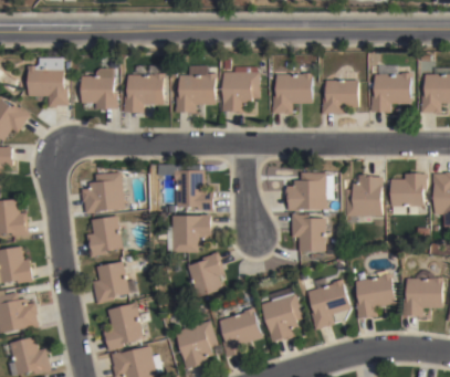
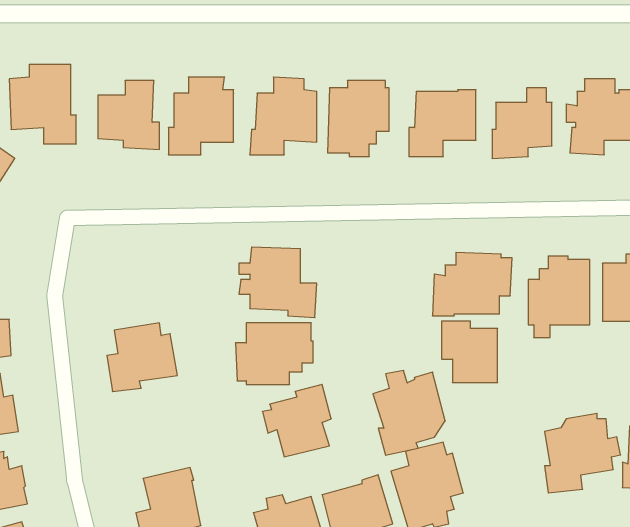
building: [81,171,126,212] -> none
building: [92,261,137,304] -> none
building: [306,277,350,329] -> [373,370,445,455]

